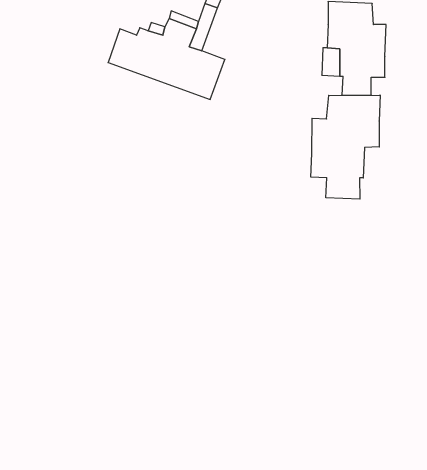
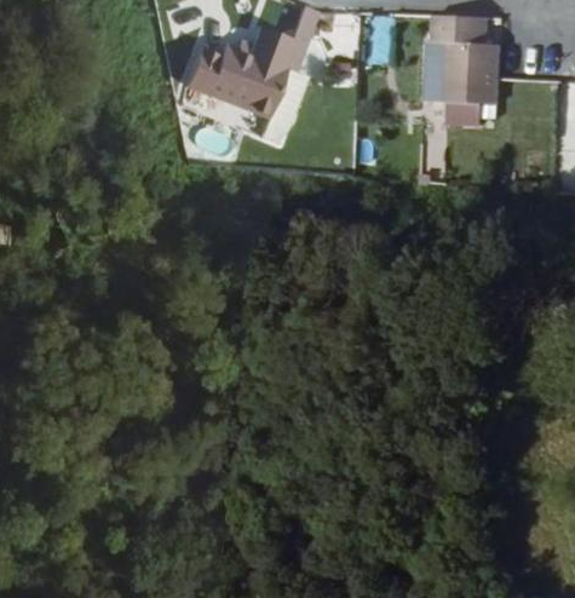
building: [311,95,380,199] -> none

